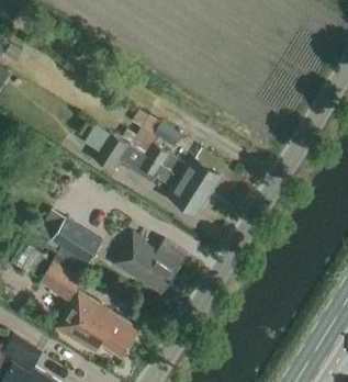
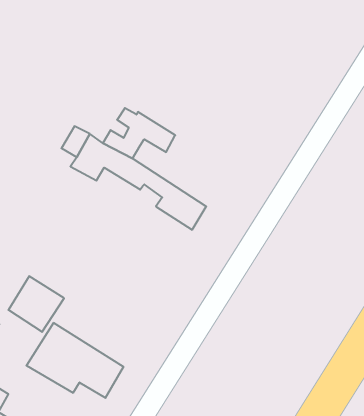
building: [146,143,221,194] -> none
building: [52,218,102,265] -> none
building: [113,233,188,295] -> none

